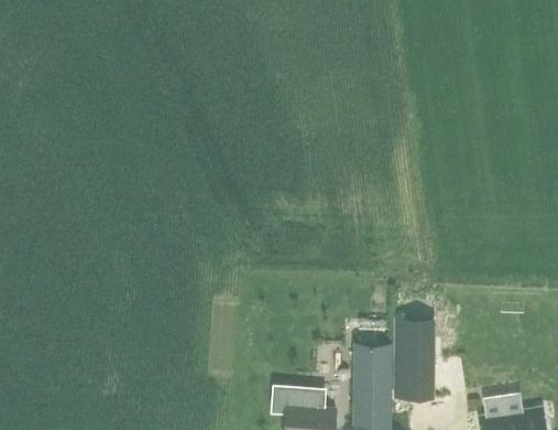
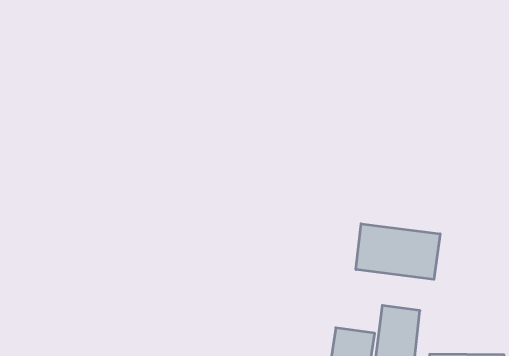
building: none -> [356,224,440,279]

